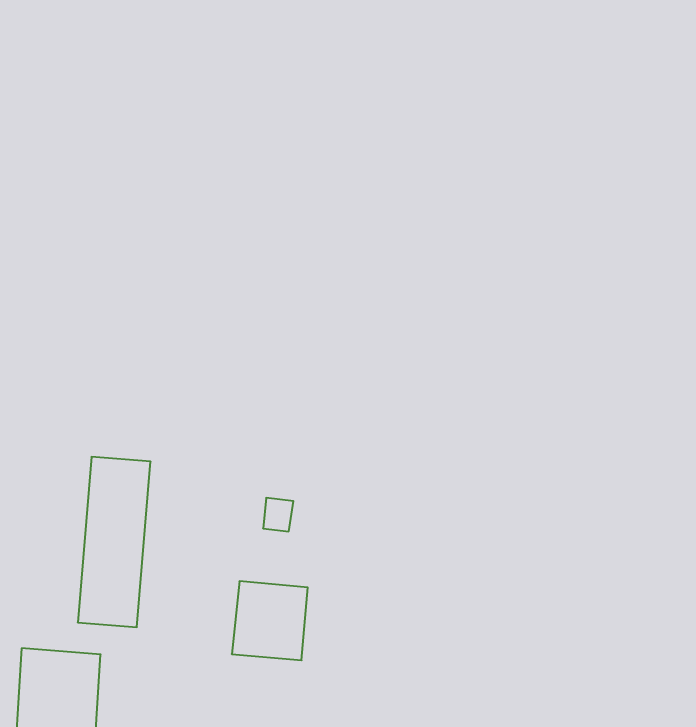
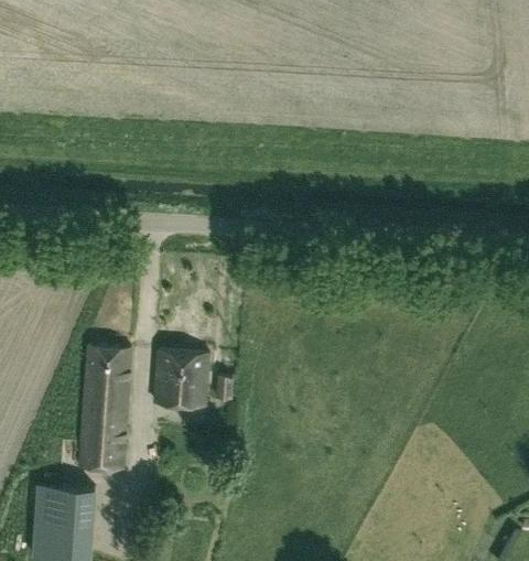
building: [232,581,308,660] -> [154,350,209,408]

